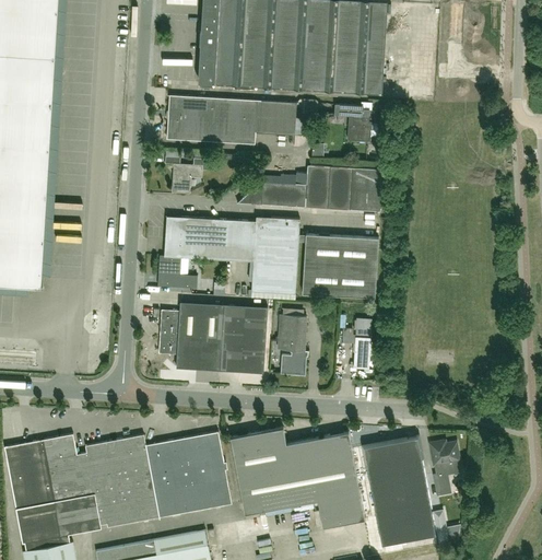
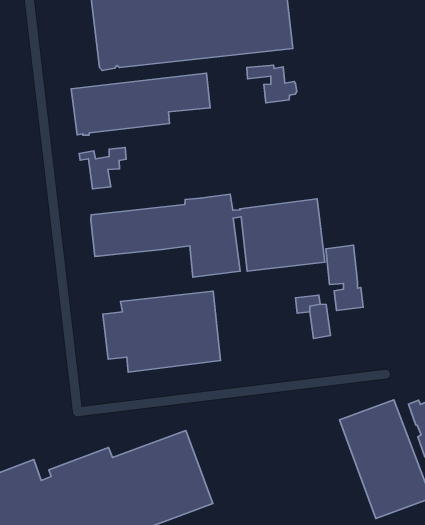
building: [236,166,381,212] -> none
building: [157,256,196,289] -> none
building: [278,315,306,375] -> [326,245,363,311]
building: [229,428,364,527] -> none

